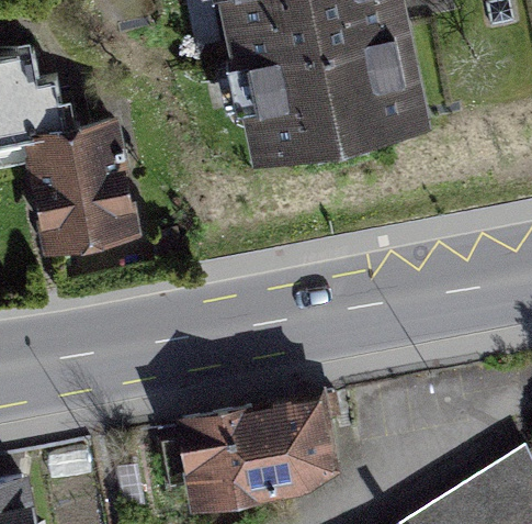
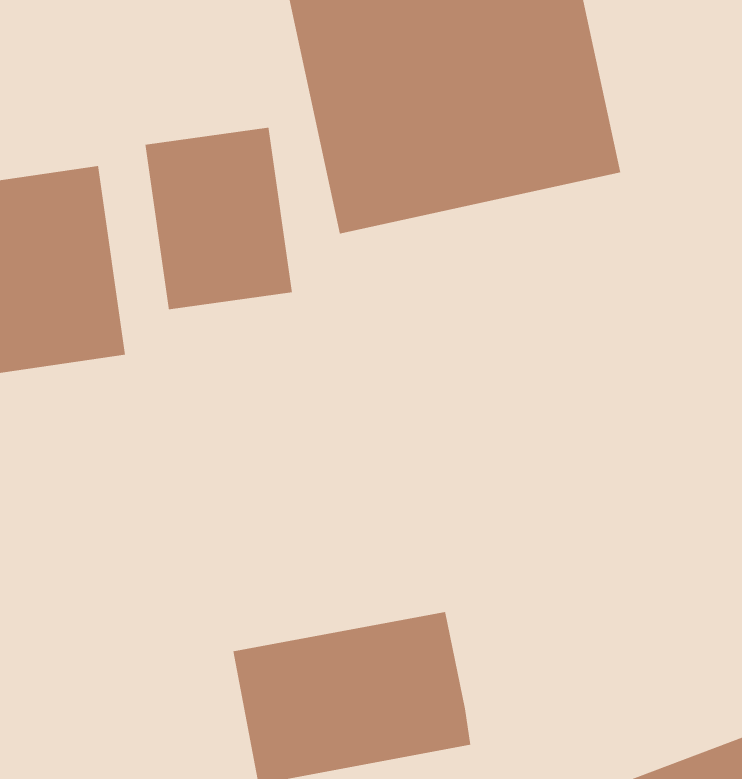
building: none -> [145,127,293,310]

